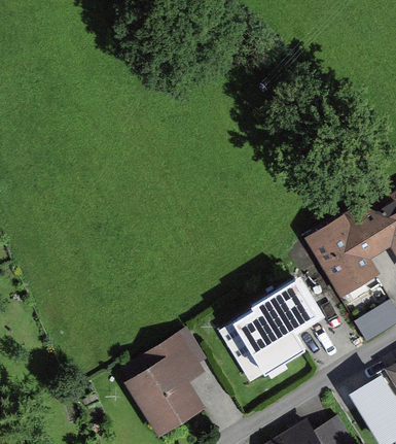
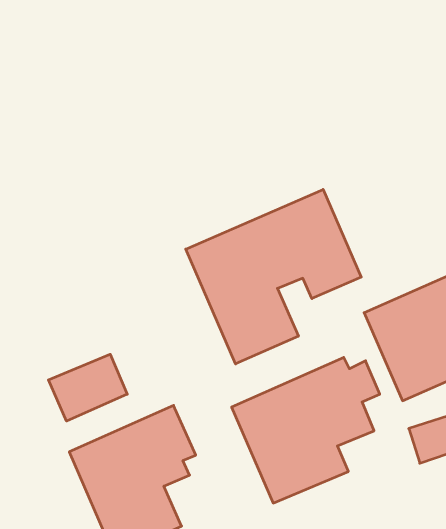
building: none -> [186,189,361,364]
building: none -> [48,354,127,421]

